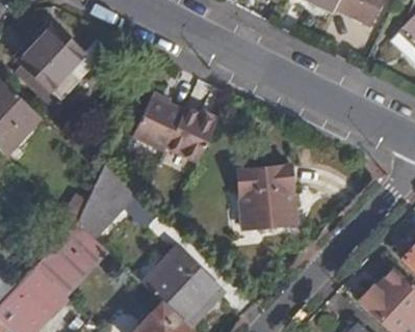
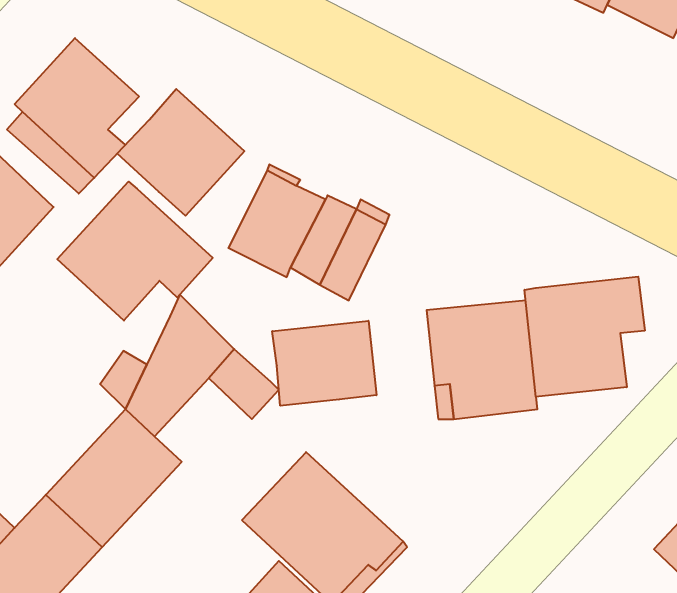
building: none -> [117,89,244,216]
building: none -> [57,182,213,321]
building: none -> [525,277,645,397]
building: none -> [272,321,376,406]

